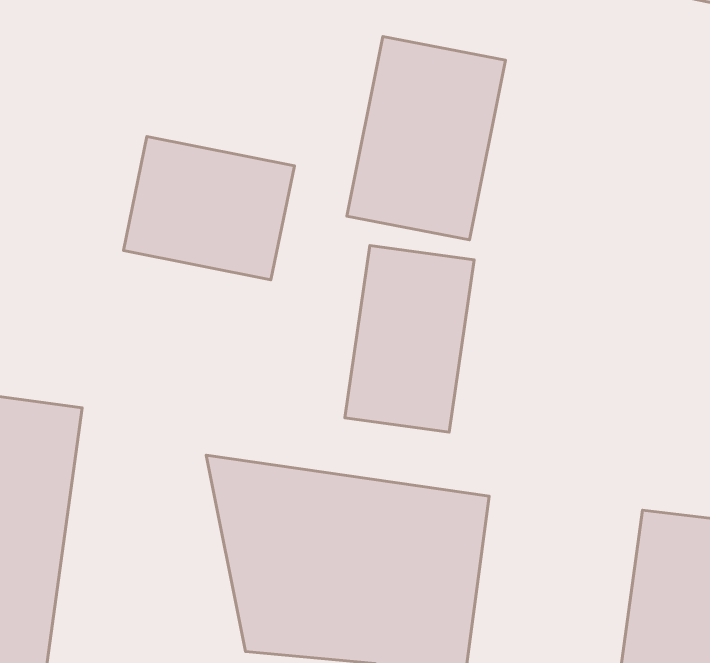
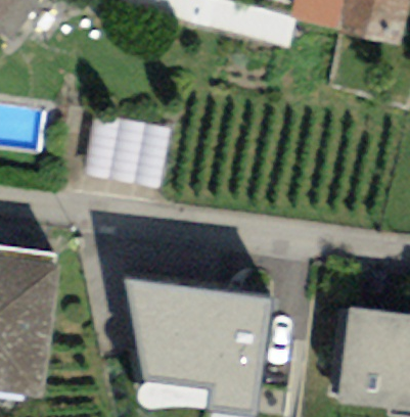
building: [347,37,506,240] -> none
building: [345,246,474,432] -> none

